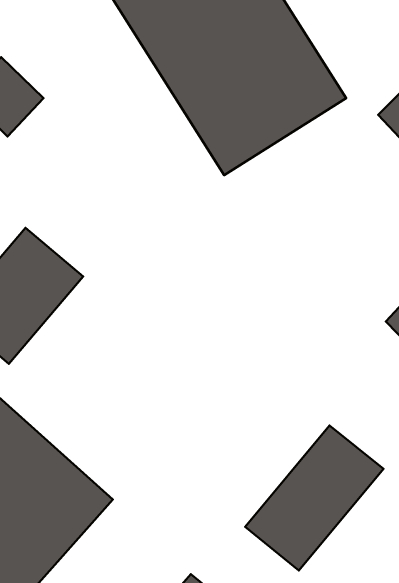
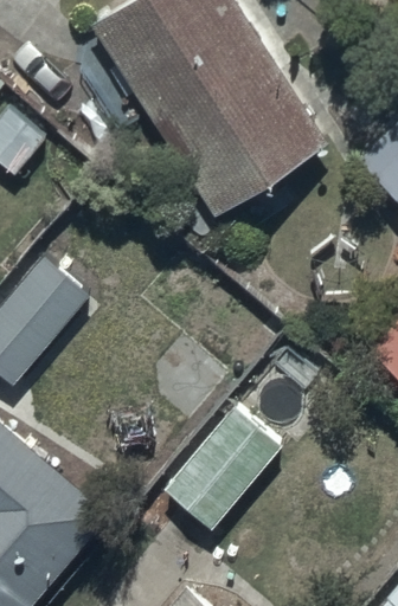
building: [245,425,383,570] -> [154,408,282,542]

